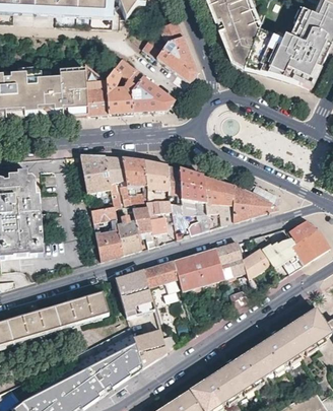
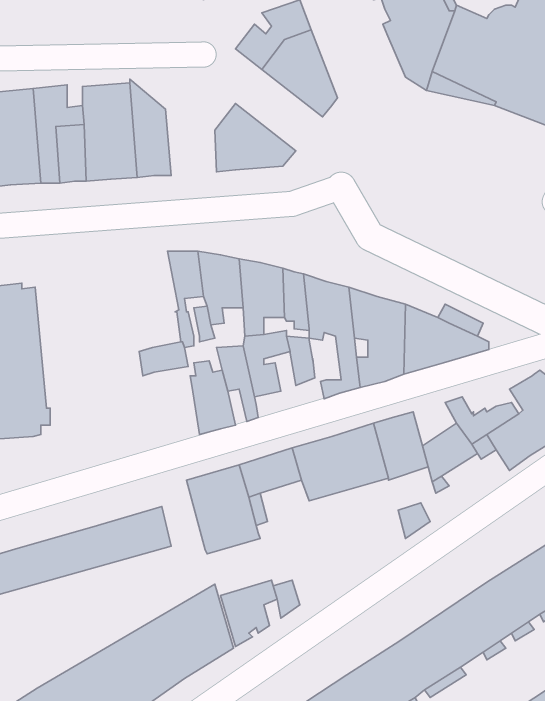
building: [105,61,142,115] -> none
building: [79,154,112,193] -> none
building: [94,228,123,261] -> none

